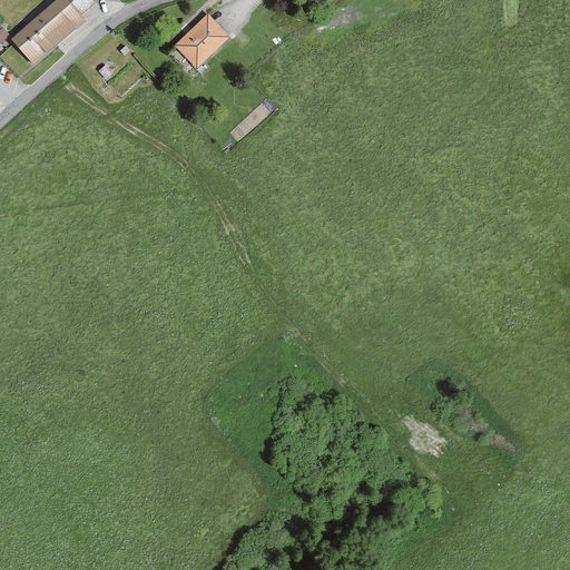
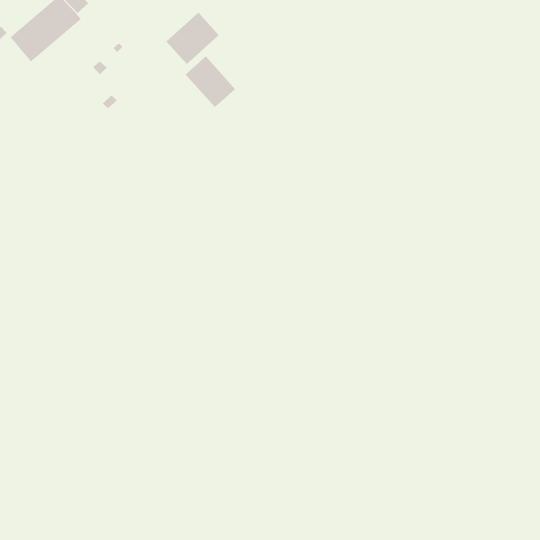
building: none -> [185,56,236,108]

